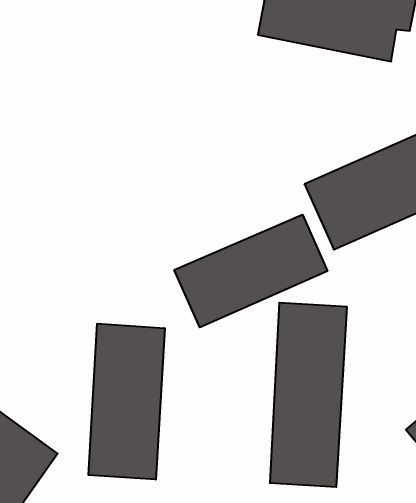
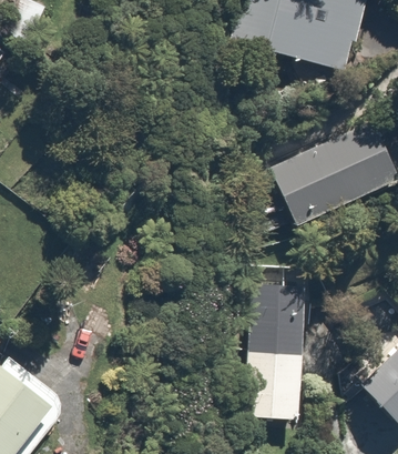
building: [174,215,327,327] -> none
building: [88,324,165,480] -> none

